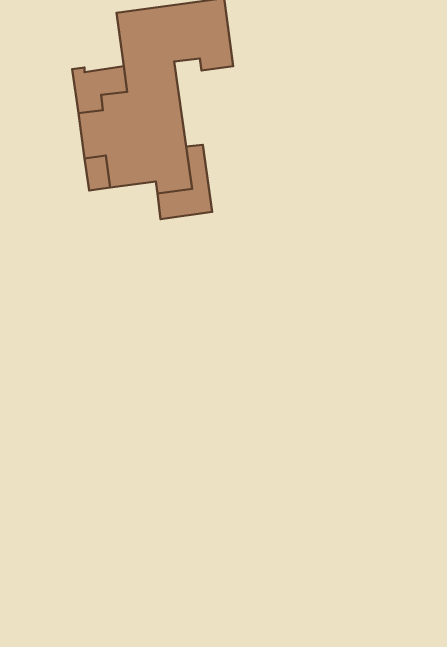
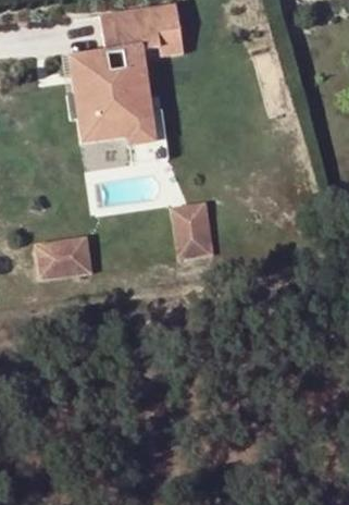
building: none -> [167,200,210,256]
building: none -> [32,235,88,278]

